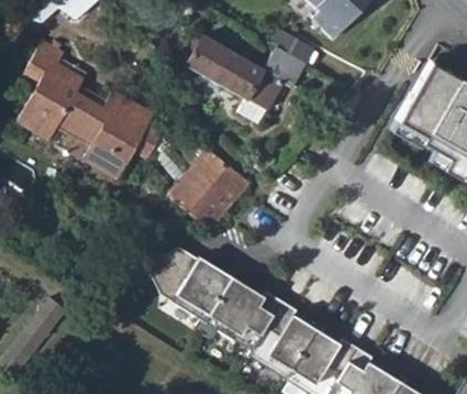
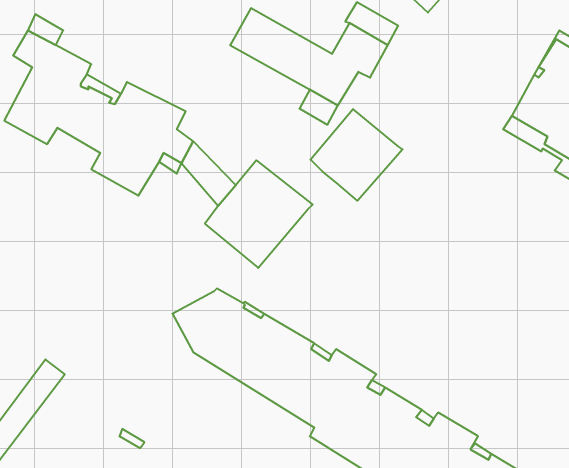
building: none -> [310,109,403,201]

